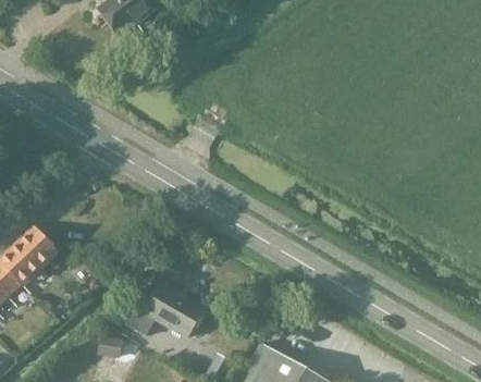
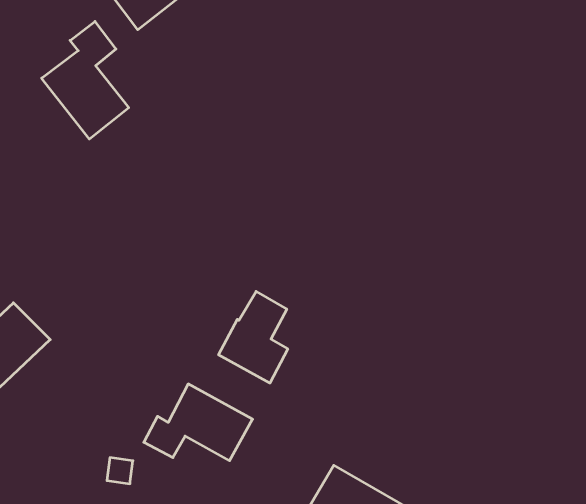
building: none -> [42,21,129,139]
building: none -> [219,291,288,383]

